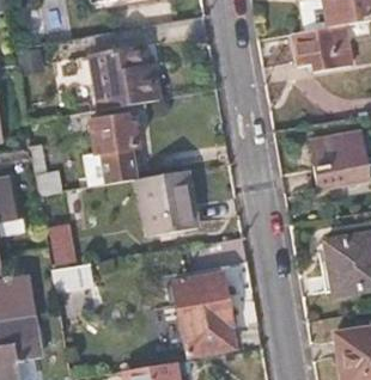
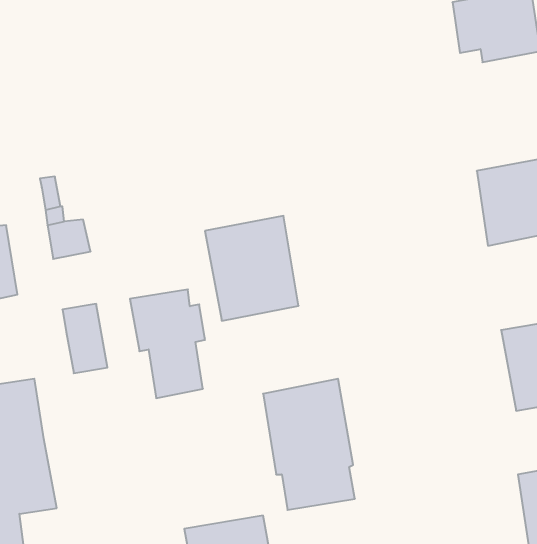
building: [90,47,160,109] -> none
building: [90,115,138,184] -> [130,289,205,398]

